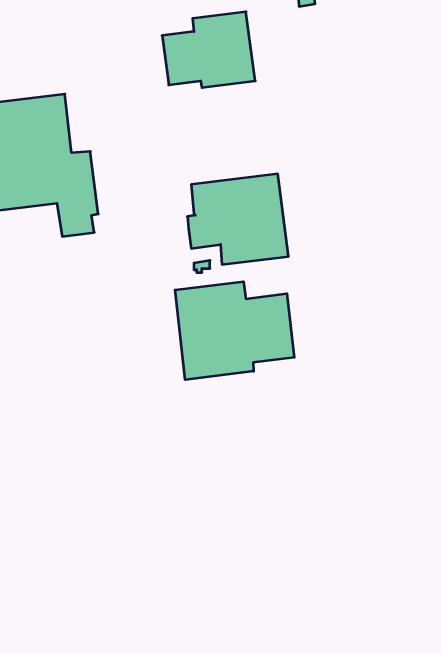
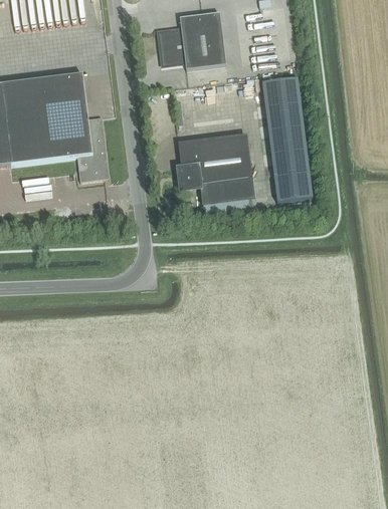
building: none -> [261,77,312,201]
building: [175,282,294,380] -> none

